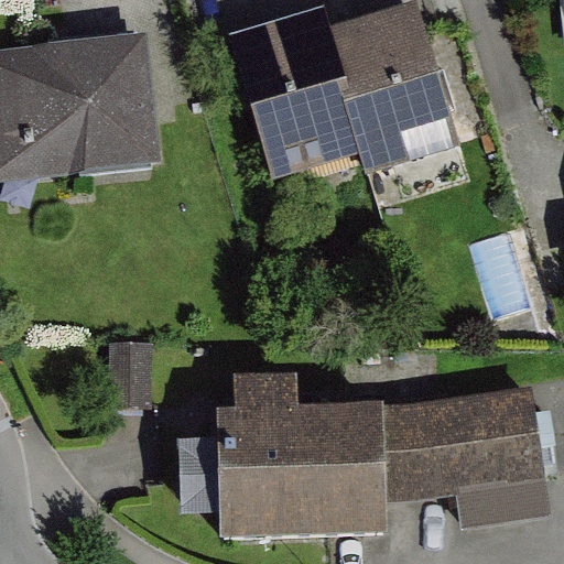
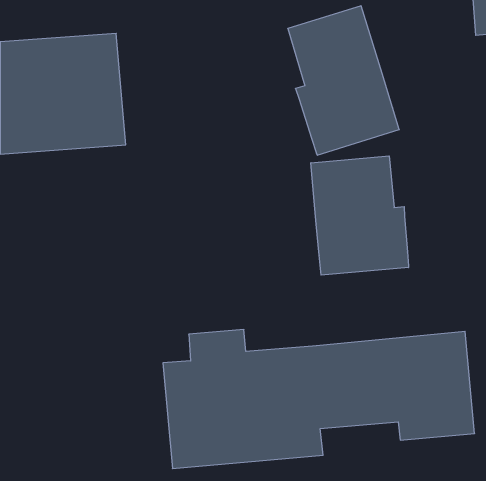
building: [231,11,361,186] -> none
building: none -> [311,156,409,275]

